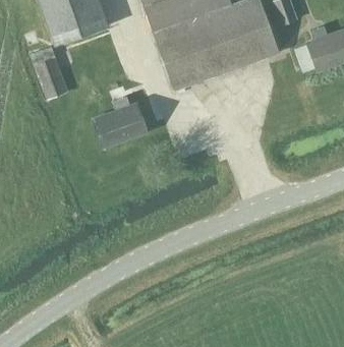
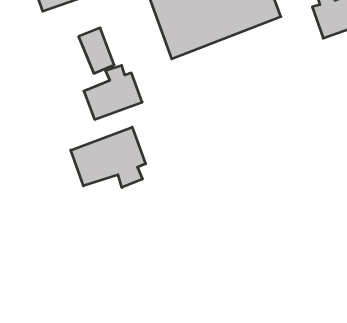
building: [37,57,70,100] -> [79,28,114,73]
building: none -> [71,127,146,188]

